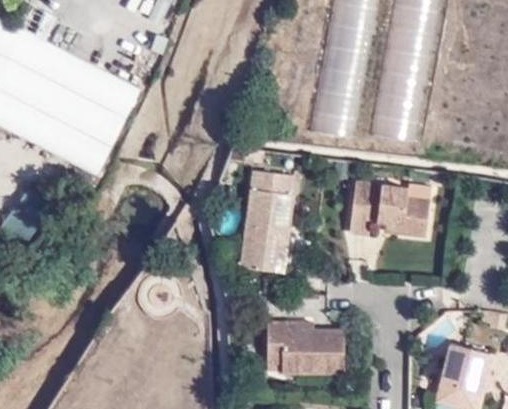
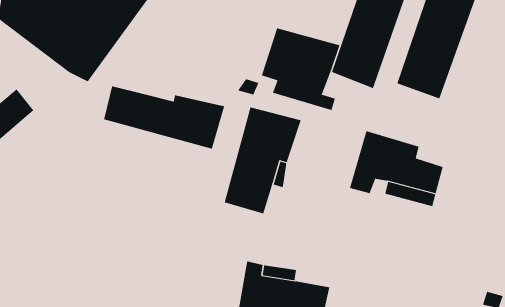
building: none -> [261,28,340,111]
building: none -> [103,86,225,150]

